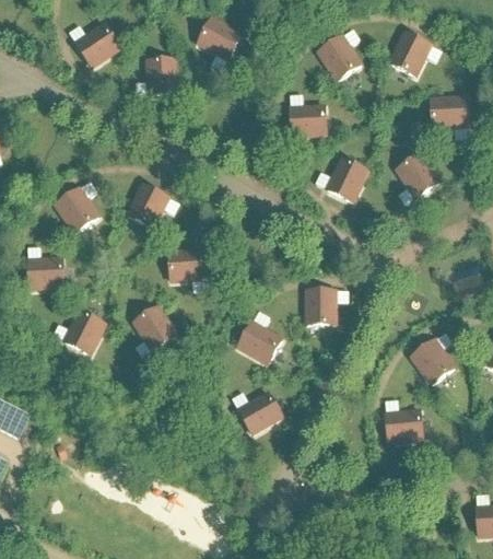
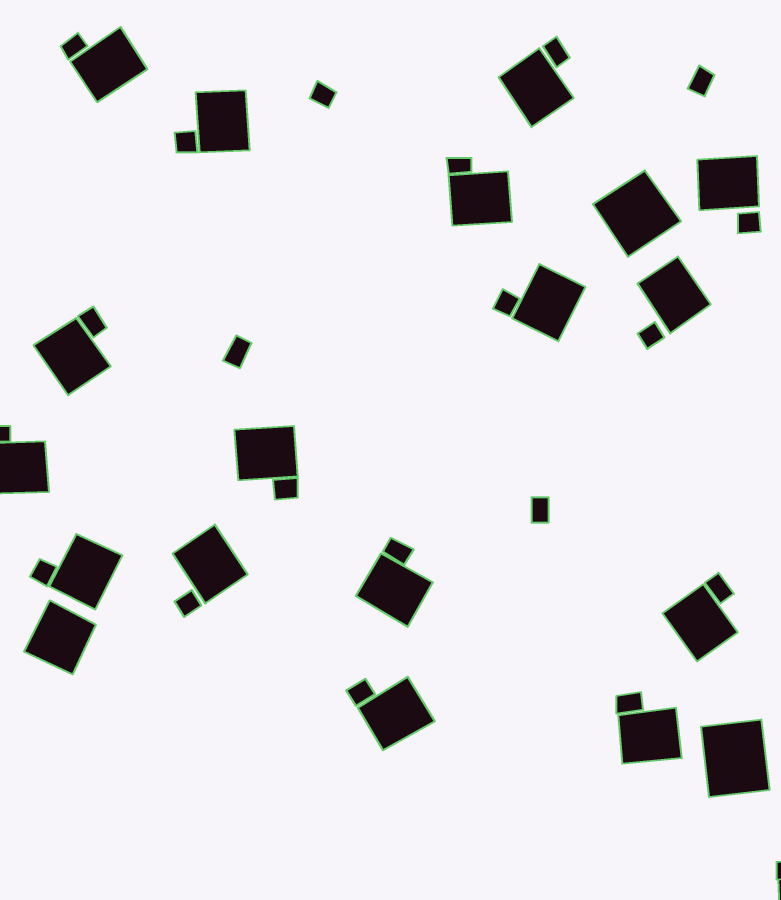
building: [198,18,240,58] -> none
building: [389,32,430,74] -> none
building: none -> [593,170,681,257]
building: [127,184,167,226] -> none
building: [306,290,334,324] -> none
building: none -> [24,600,96,674]
building: none -> [701,719,769,797]

